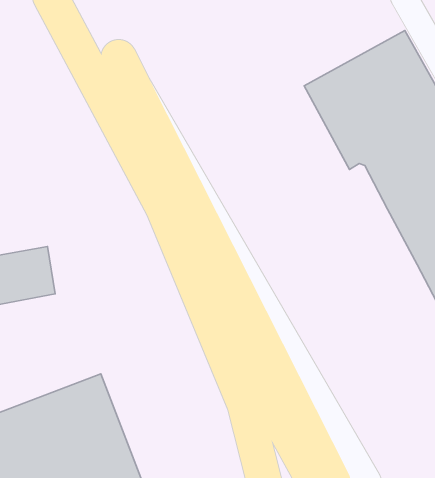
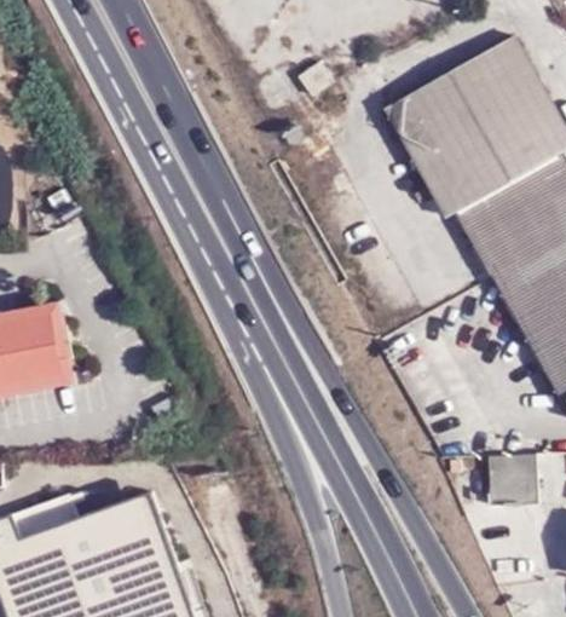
building: none -> [492,452,541,503]

